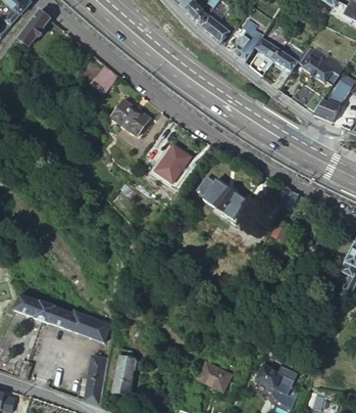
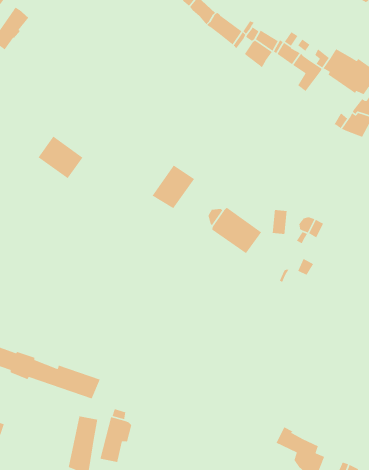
building: [90,63,118,94] -> none
building: [110,99,149,136] -> [38,136,84,179]
building: [197,359,233,391] -> none

